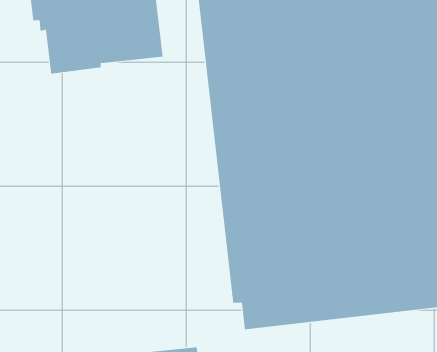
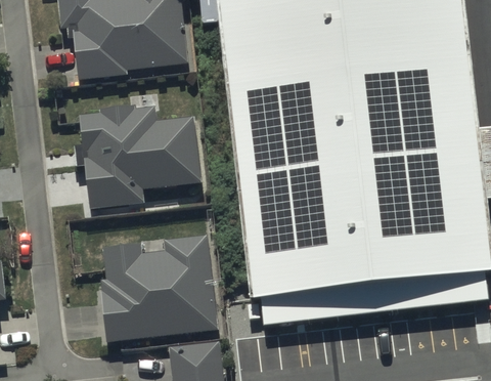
building: none -> [73,103,200,207]
building: none -> [99,235,218,341]

